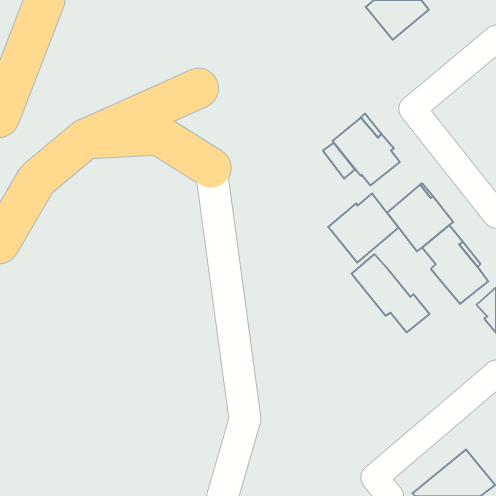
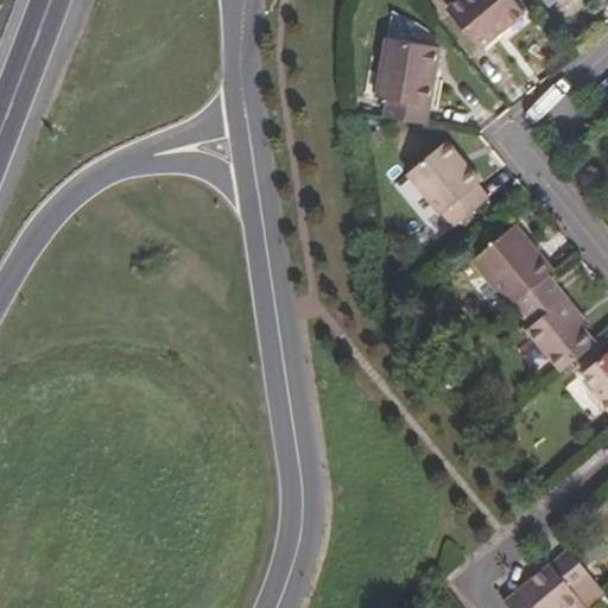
building: none -> [375,37,439,125]
building: [328,193,399,263] -> none
building: [352,254,429,332] -> none

